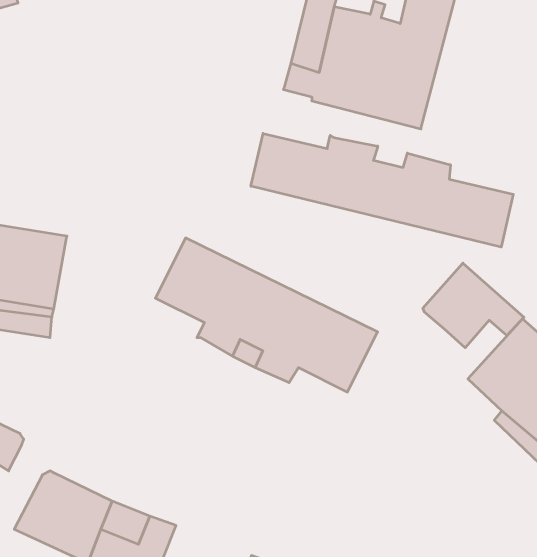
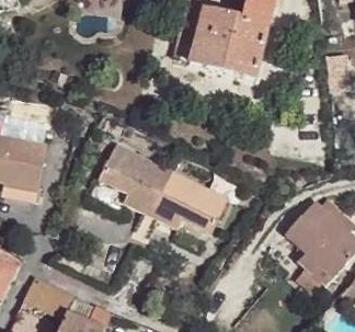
building: [251,133,513,247] -> none
building: [423,263,524,348] -> none

